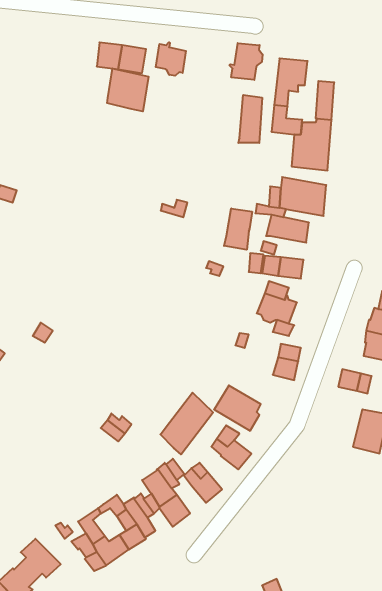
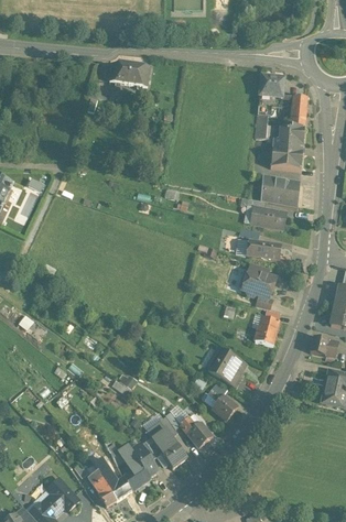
building: [156,42,186,76] -> none
building: [230,43,263,80] -> none
building: [107,68,149,111] -> none
building: [238,95,262,143] -> none
building: [224,208,252,250] -> none
building: [160,393,213,454] -> none

